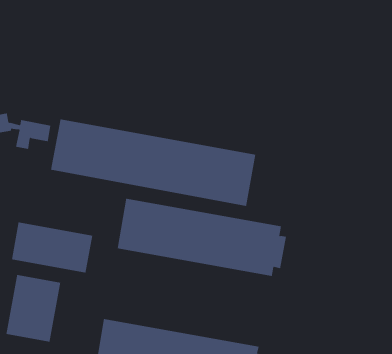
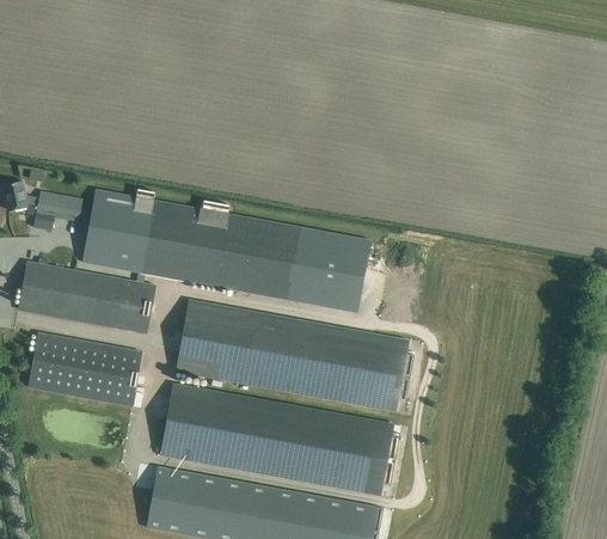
building: none -> [18,261,153,331]
building: none -> [159,382,399,494]
building: [6,274,61,342] -> none

